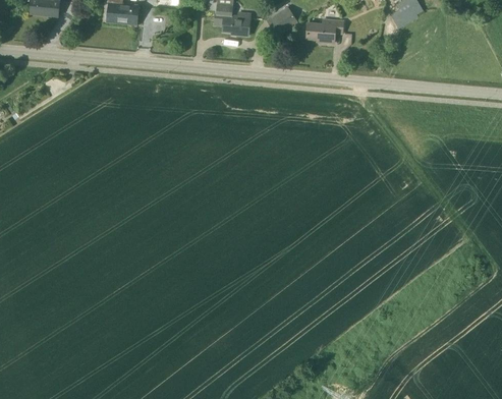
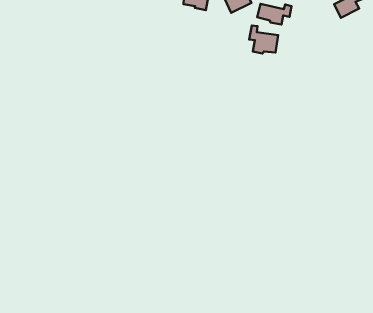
building: none -> [249,26,278,53]

